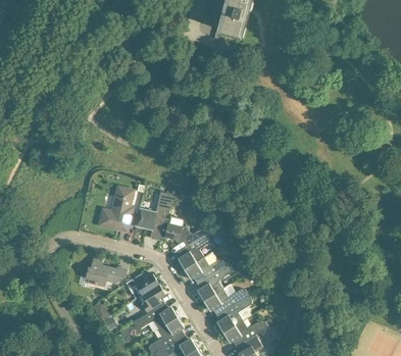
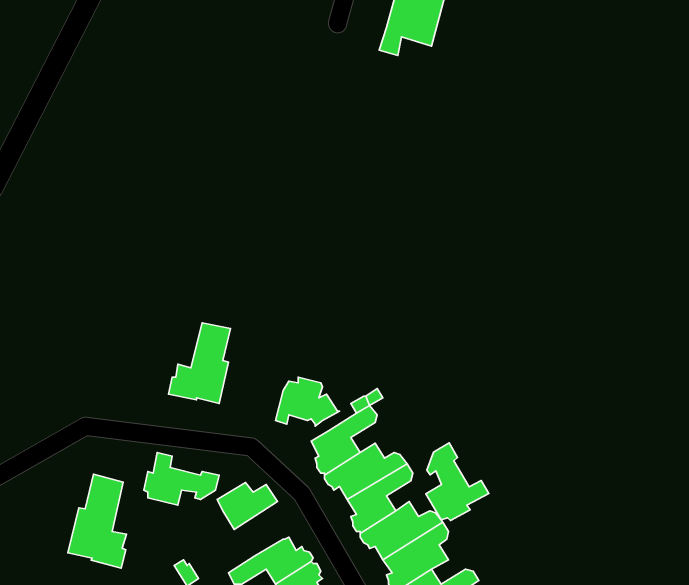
building: [134,192,177,240] -> none
building: none -> [426,443,489,521]
building: none -> [68,474,127,568]
building: [138,284,165,313] -> none

